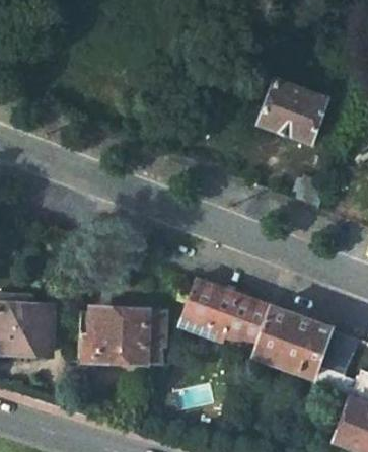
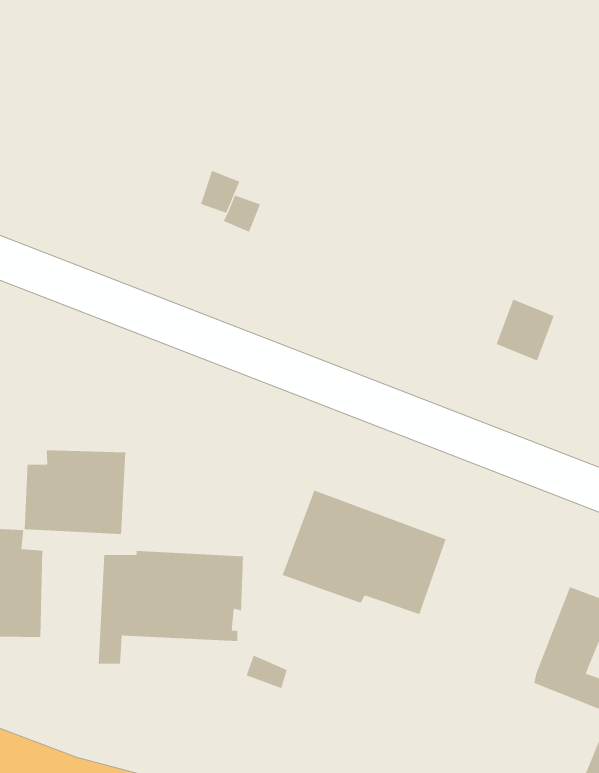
building: [259,80,327,143] -> none
building: none -> [24,449,126,535]
building: [249,305,333,377] -> none

